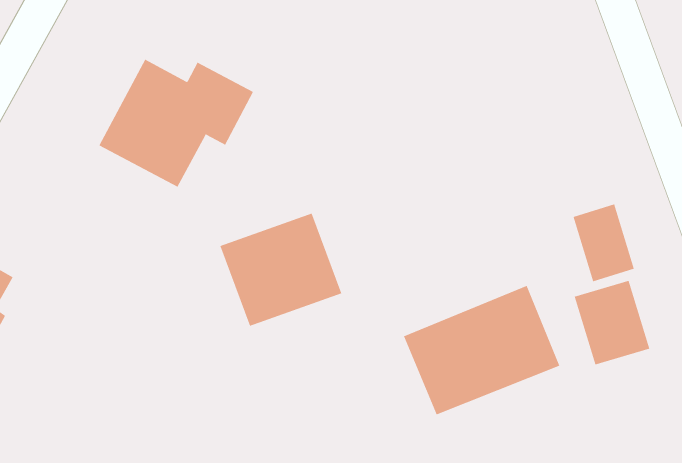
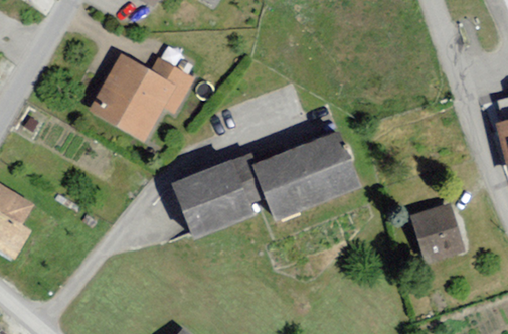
building: [573,203,634,282] -> none
building: [403,285,560,415] -> [252,130,358,217]

